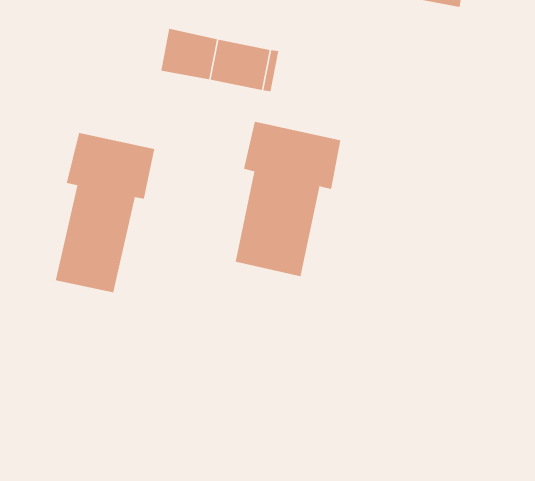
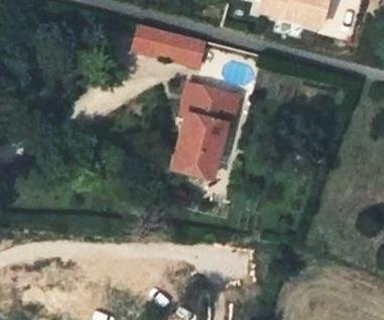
building: [55,132,155,293] -> none

